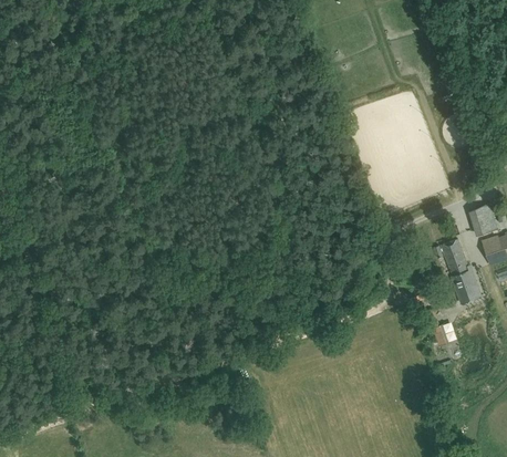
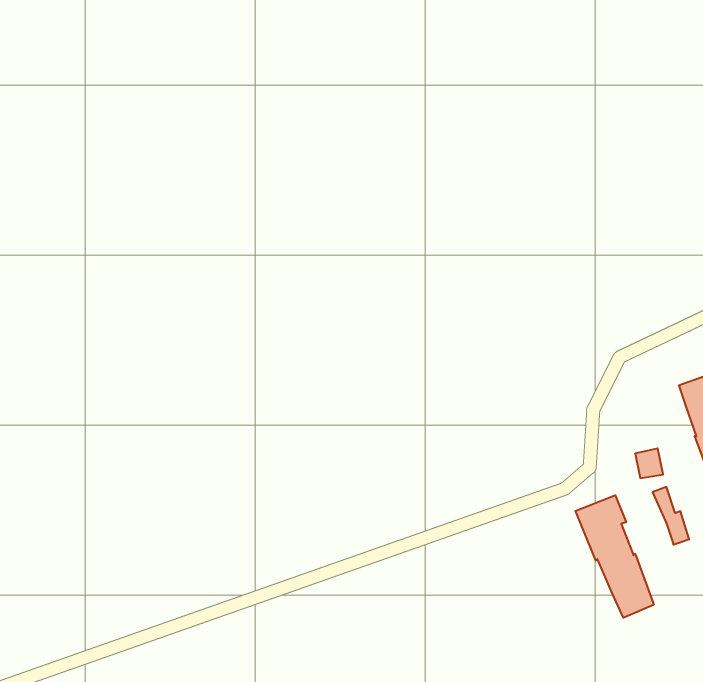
building: none -> [575,495,654,618]

